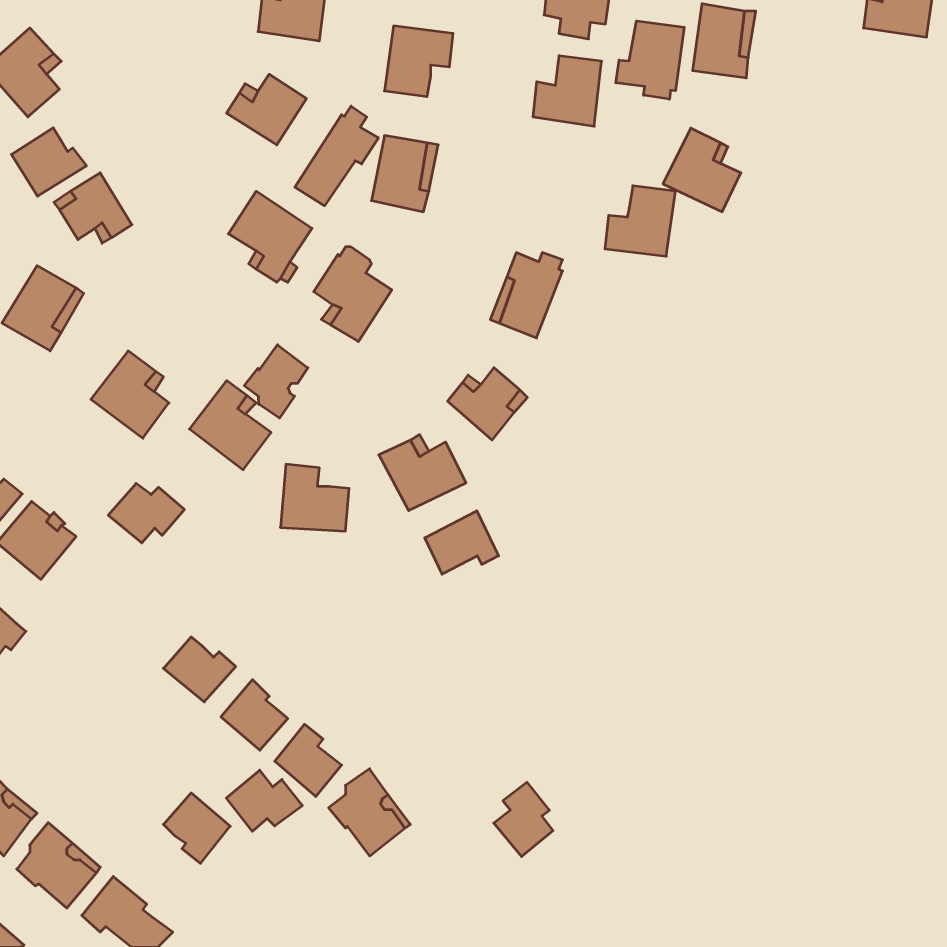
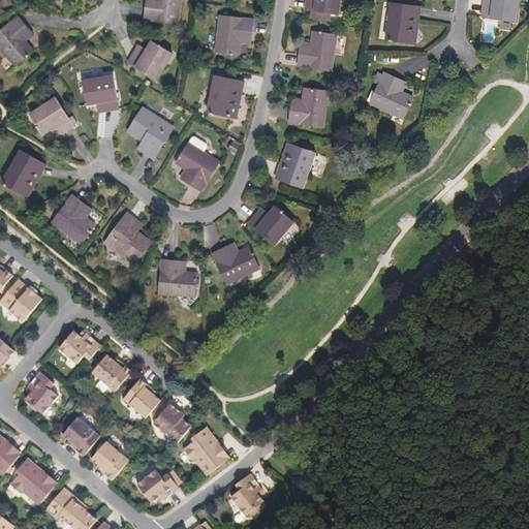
building: [616,21,684,99] -> none
building: [295,106,378,206] -> none
building: [11,128,86,196] -> none
building: none -> [82,75,119,114]
building: [605,186,675,256] -> [288,87,328,126]
building: [244,345,308,418] -> none
building: [108,483,184,543] -> [58,331,100,364]
building: [425,511,499,574] -> none
building: none -> [25,372,58,414]
building: none -> [62,417,99,456]
building: [226,770,302,831] -> [136,469,179,503]
building: [494,782,553,857] -> [229,474,262,516]

